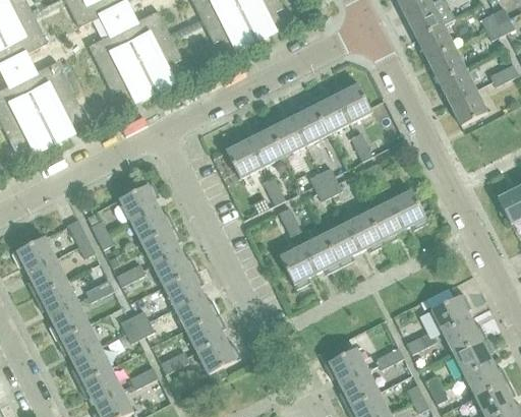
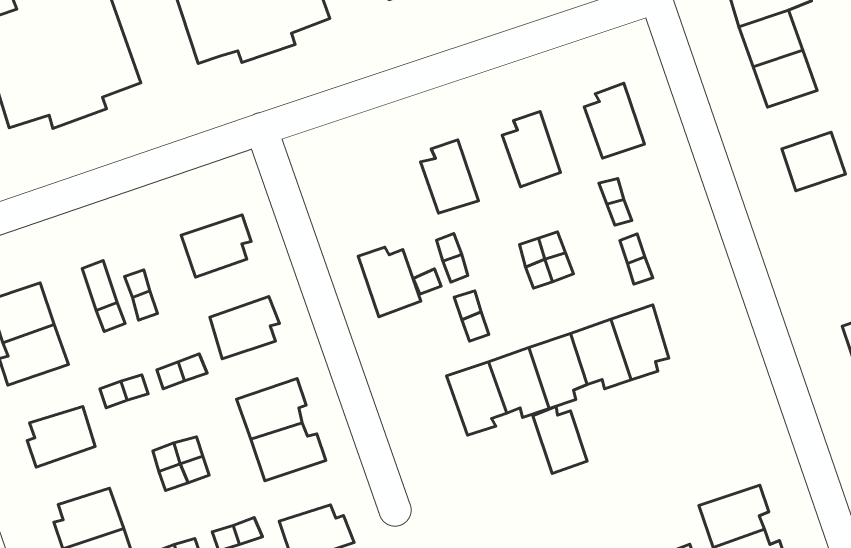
building: [439,68,476,104] -> none
building: [311,95,350,134] -> none
building: [268,117,306,157] -> none
building: [224,139,263,179] -> [358,247,421,317]
building: [390,190,428,230] -> none
building: [131,207,174,243] -> none
building: [153,251,196,287] -> none
building: none -> [533,407,587,473]
building: [35,281,78,316] -> none
building: [186,314,226,352] -> none
building: [57,324,100,360] -> none

